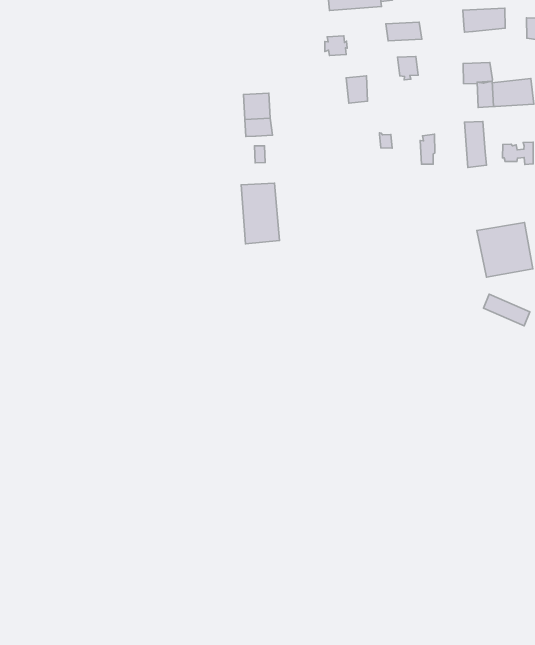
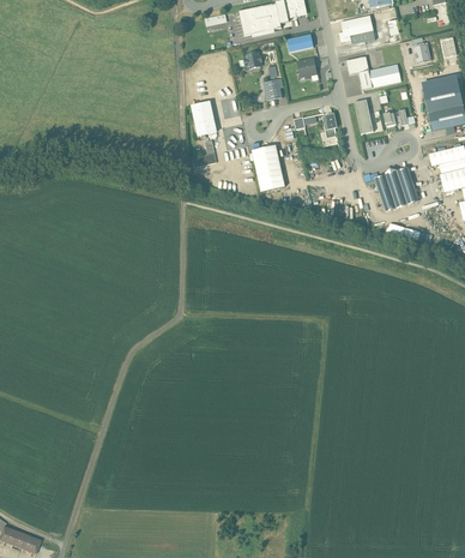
building: [241,183,279,244] -> [252,145,285,192]

